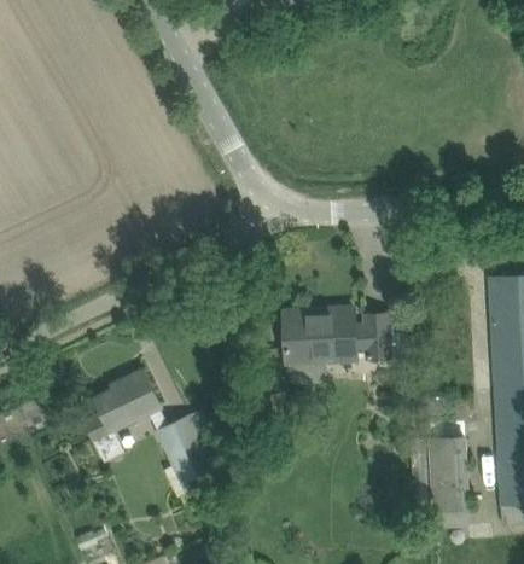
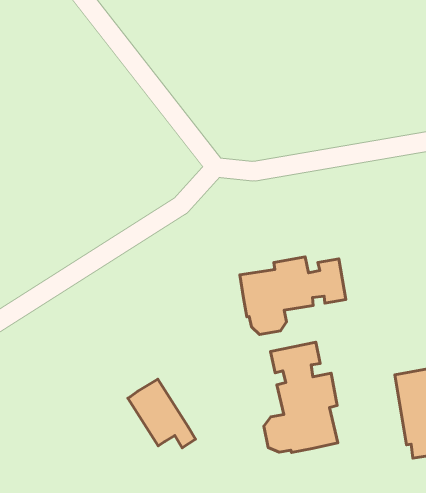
building: [81,368,159,460] -> none
building: none -> [264,342,338,453]

